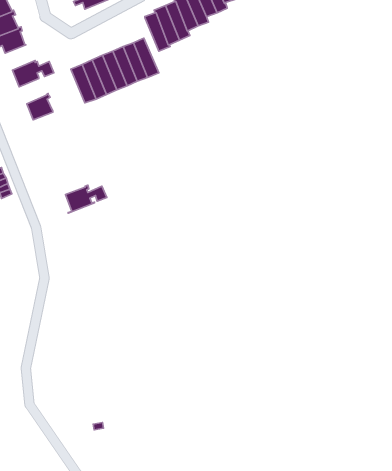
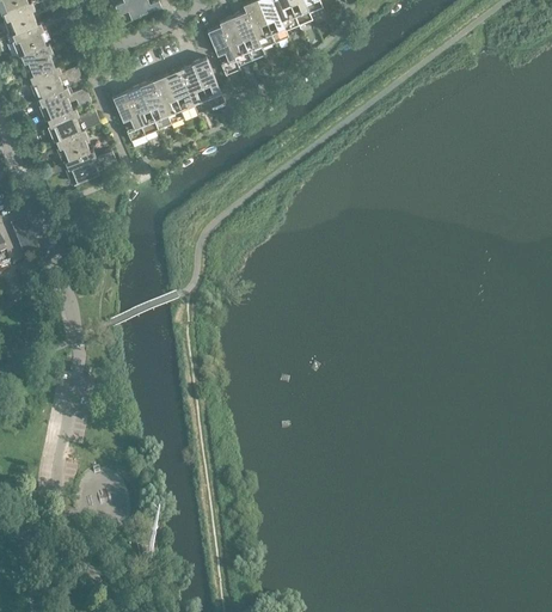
building: none -> [29,61,82,94]
building: none -> [47,103,100,137]
building: [65,185,107,213] -> [65,146,117,182]

